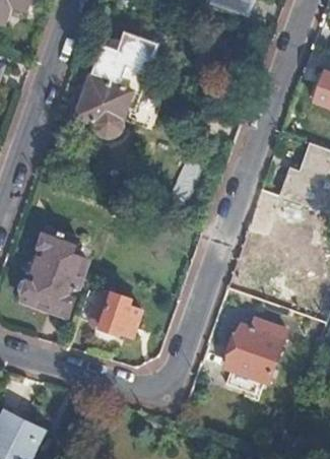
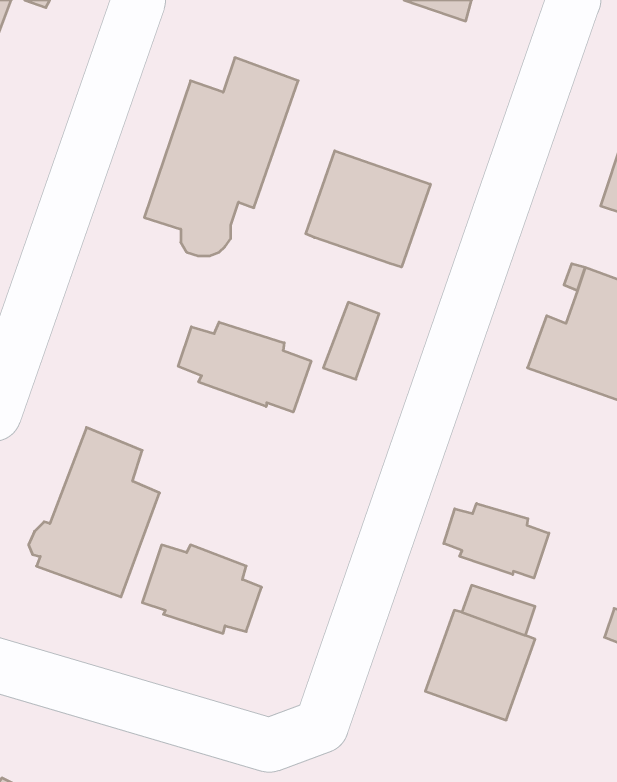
building: none -> [306,151,430,267]
building: none -> [178,322,311,412]
building: none -> [444,503,549,578]

